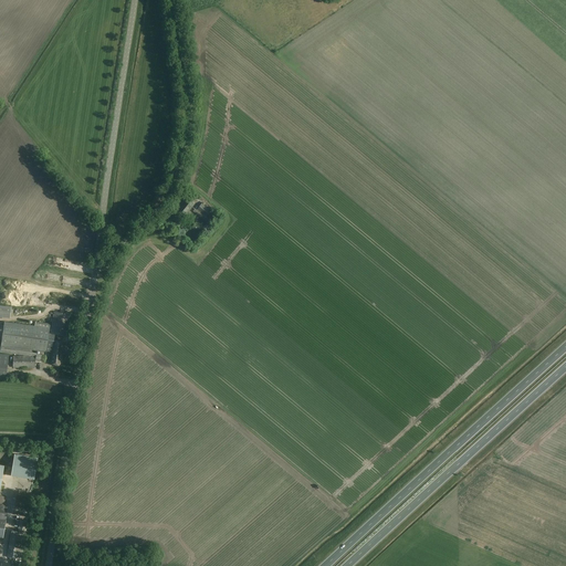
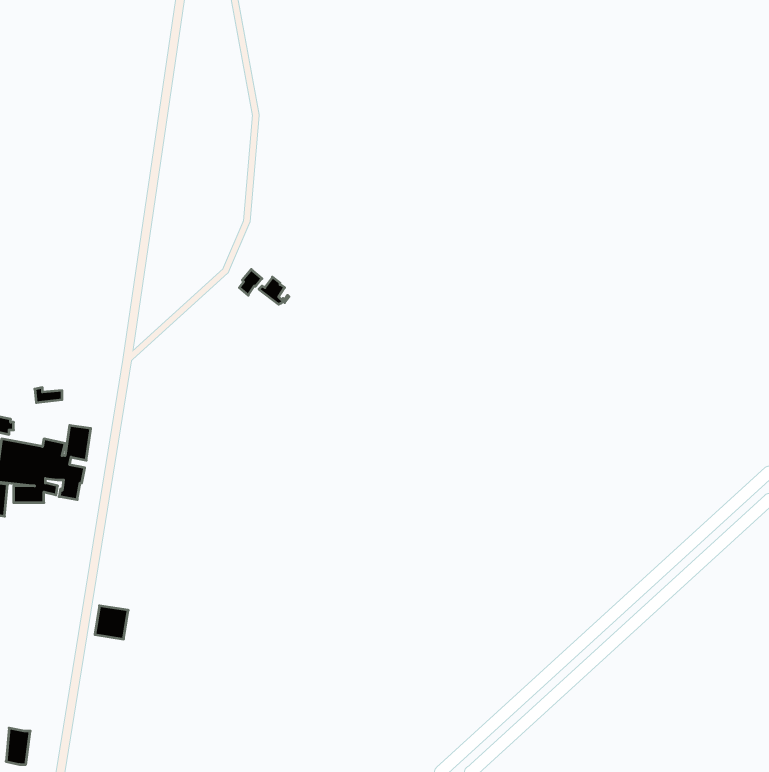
building: [8,453,32,478] -> [95,606,128,639]

